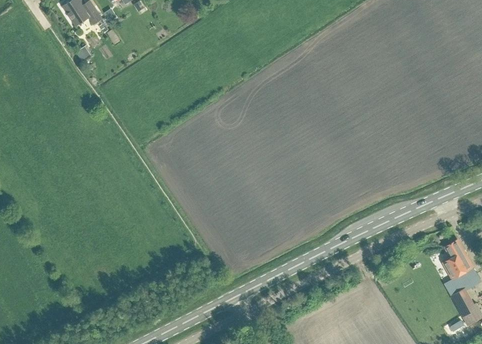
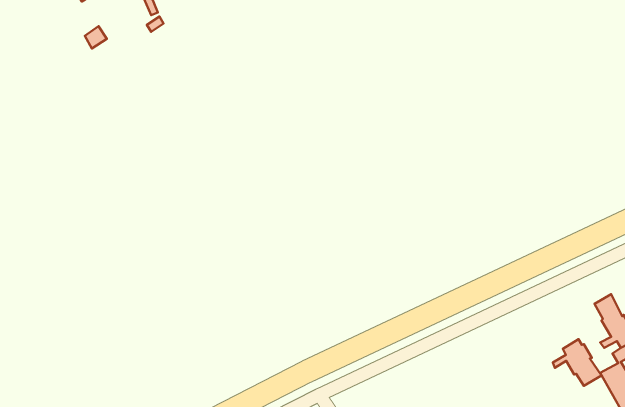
building: none -> [553,339,602,386]

